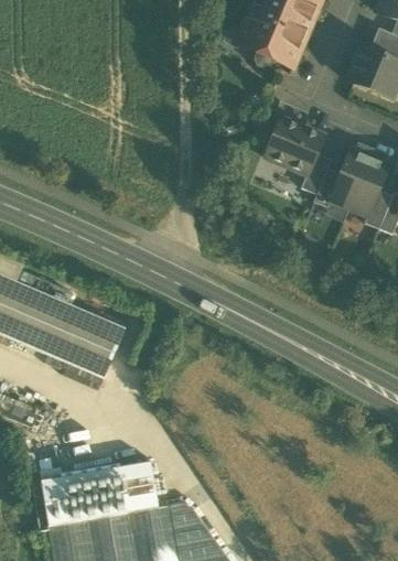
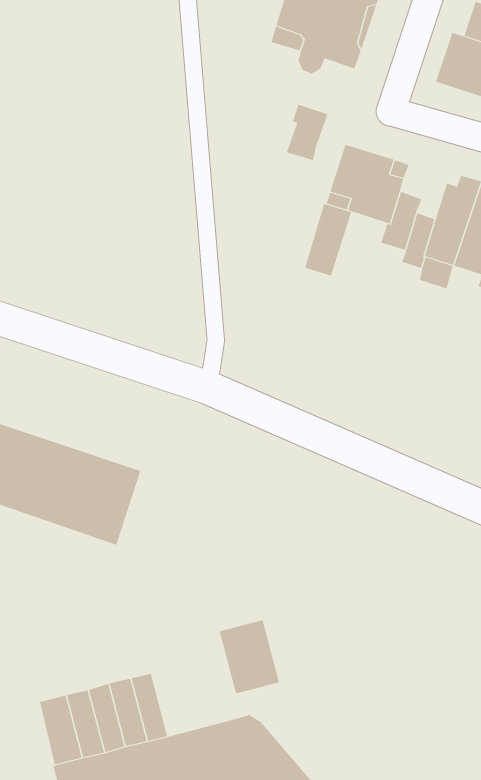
building: none -> [286,104,328,161]
building: none -> [305,203,352,277]
building: [119,463,158,513] -> [219,619,280,694]

